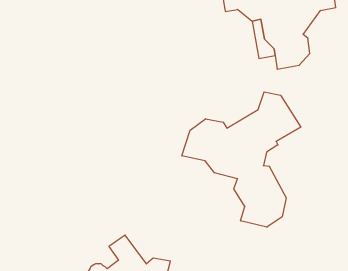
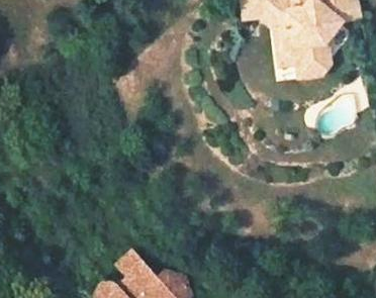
building: [182,92,301,227] -> none

